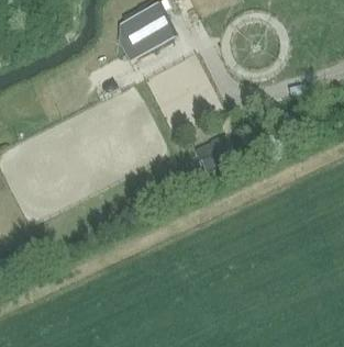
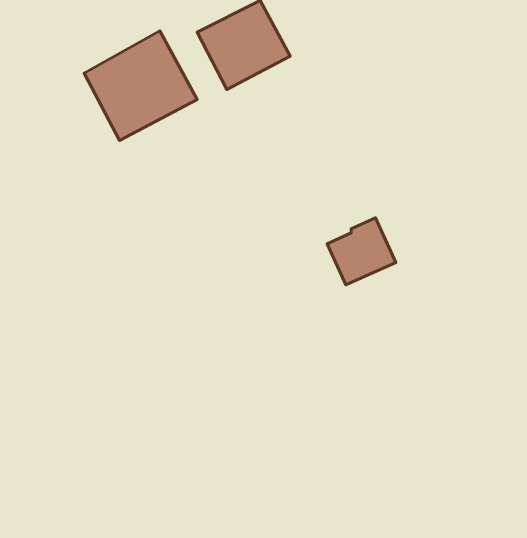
building: none -> [84,31,197,141]

